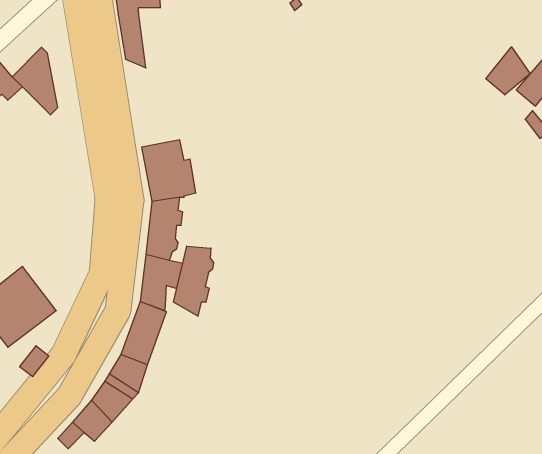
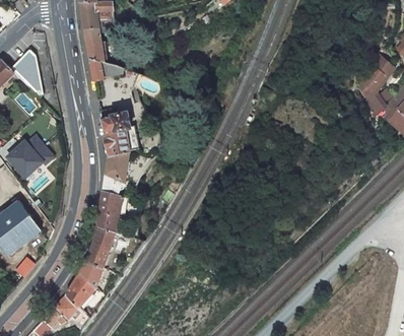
building: [486,47,530,95] -> none
building: none -> [88,57,124,79]
building: none -> [6,131,57,182]
building: [174,246,213,316] -> none

